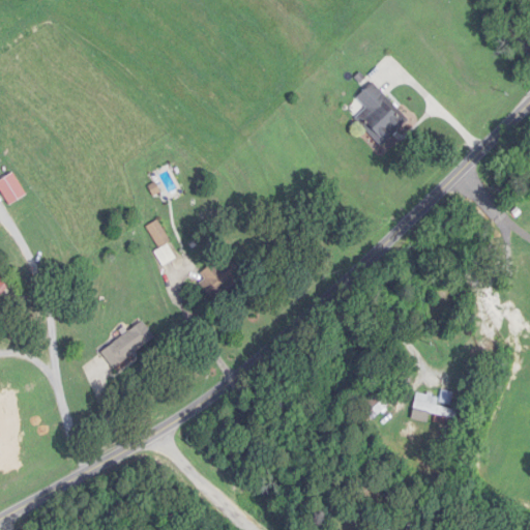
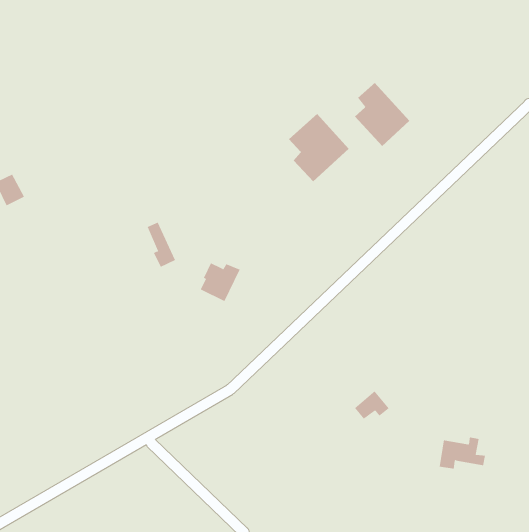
building: none -> [288,113,349,182]
building: [99,322,153,367] -> none
building: [410,390,457,422] -> [439,437,486,469]

